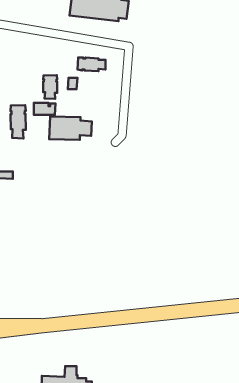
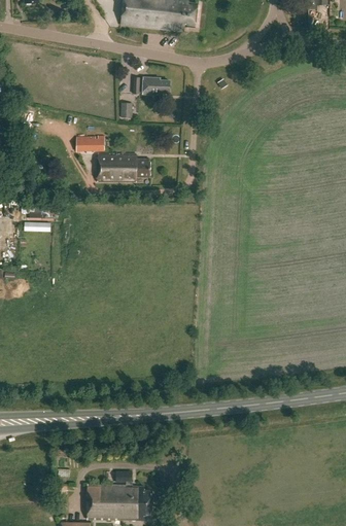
building: [43,75,57,99] -> none
building: [11,105,26,138] -> none

